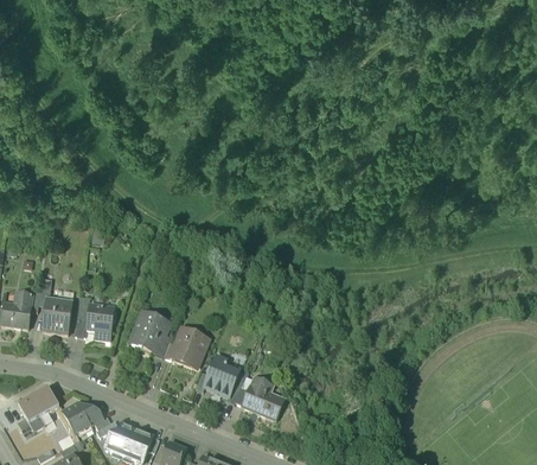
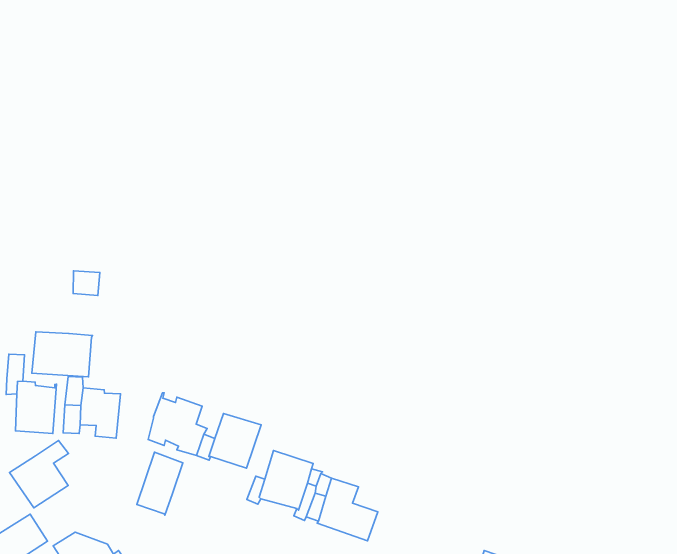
building: none -> [32,332,92,377]
building: none -> [9,440,68,508]
building: none -> [137,452,183,515]

